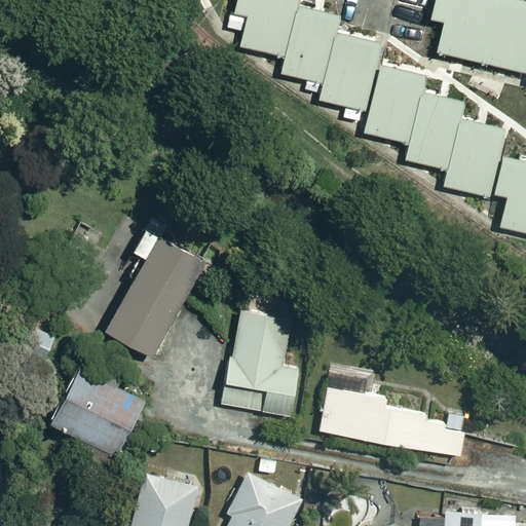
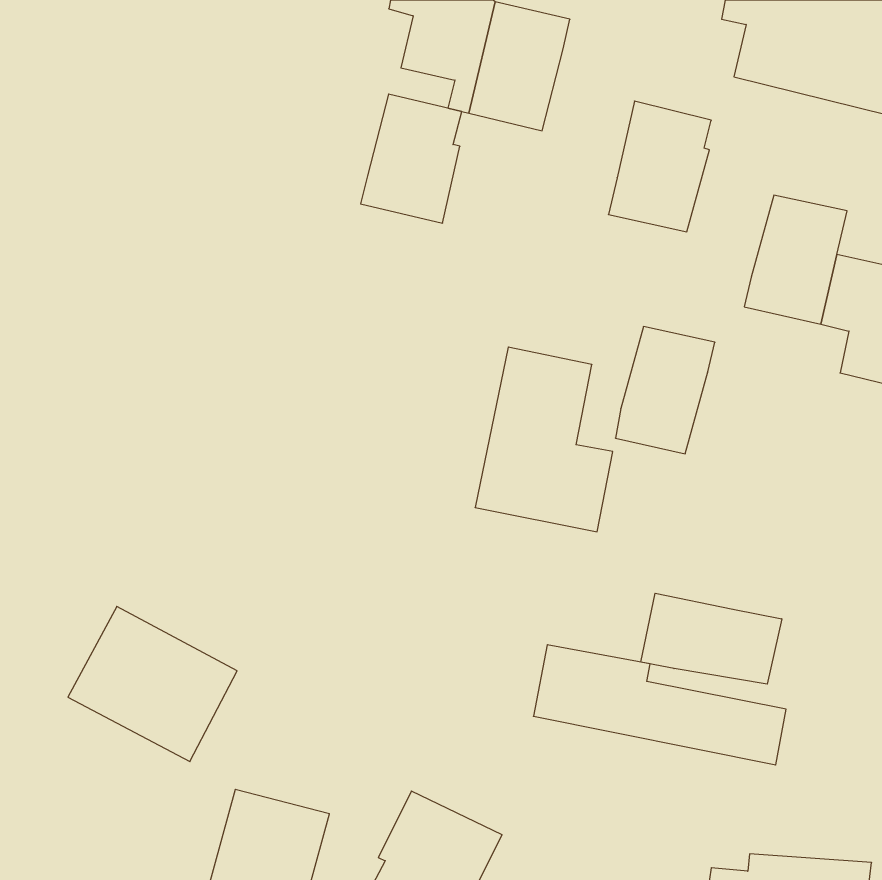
building: [321,35,380,111] -> [361,94,462,223]
building: [407,95,465,170] -> [615,327,715,454]
building: [105,224,206,354] -> none
building: [222,308,303,417] -> [475,347,613,532]
building: none -> [641,593,782,684]

